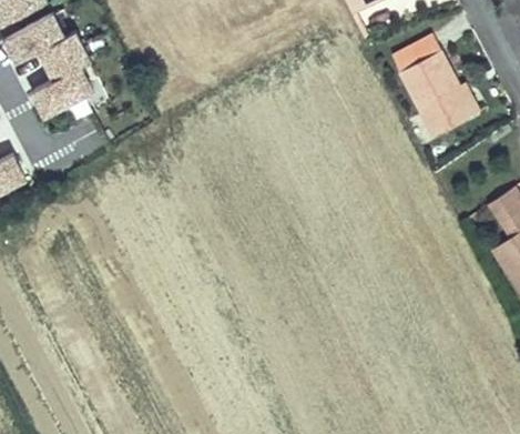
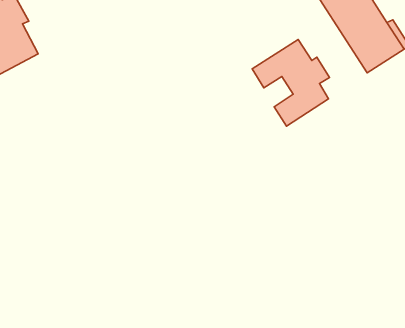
building: none -> [252,39,329,126]

